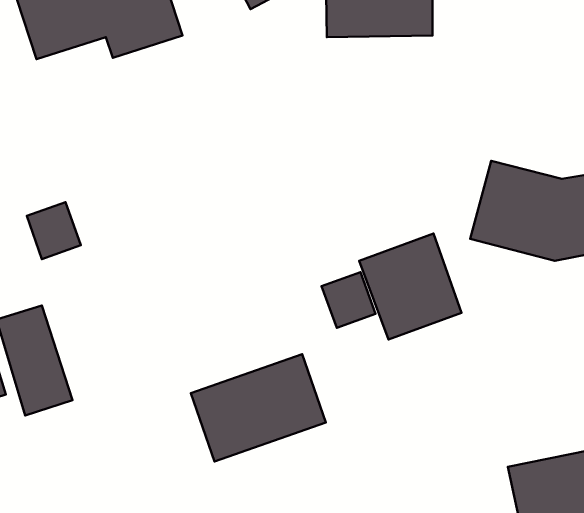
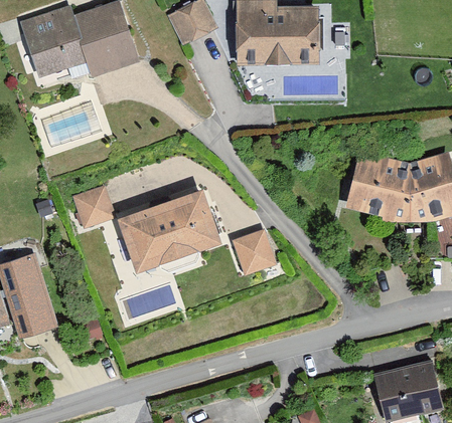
building: [27,202,81,259] -> [76,187,115,228]
building: [359,233,462,339] -> none
building: [191,354,326,461] -> [122,192,219,269]

